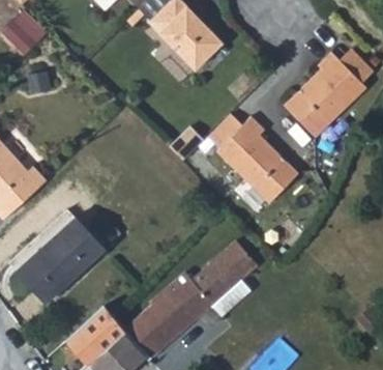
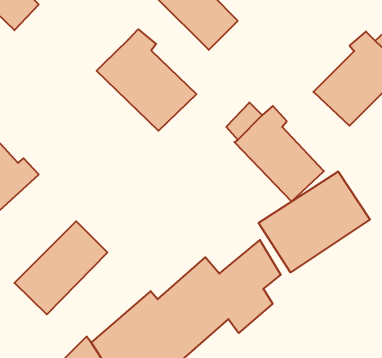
building: none -> [97,29,196,131]
building: none -> [259,171,370,272]

